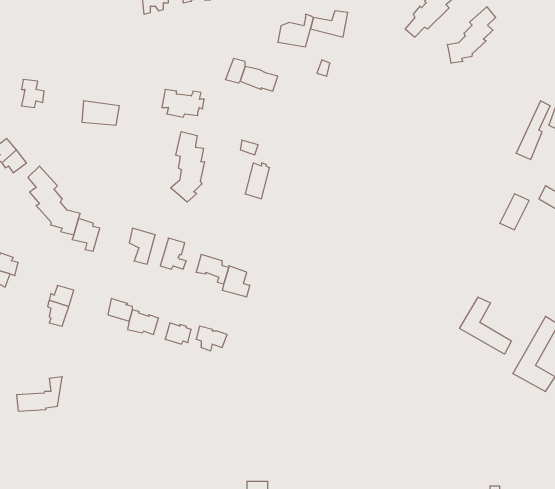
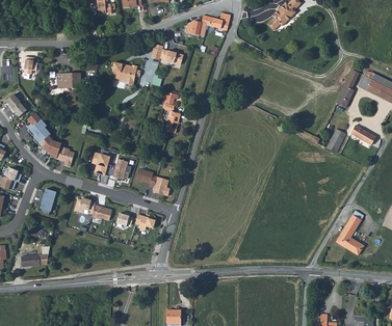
building: [447,7,496,63] -> none
building: [171,132,205,202] -> none
building: [460,297,511,354] -> none

